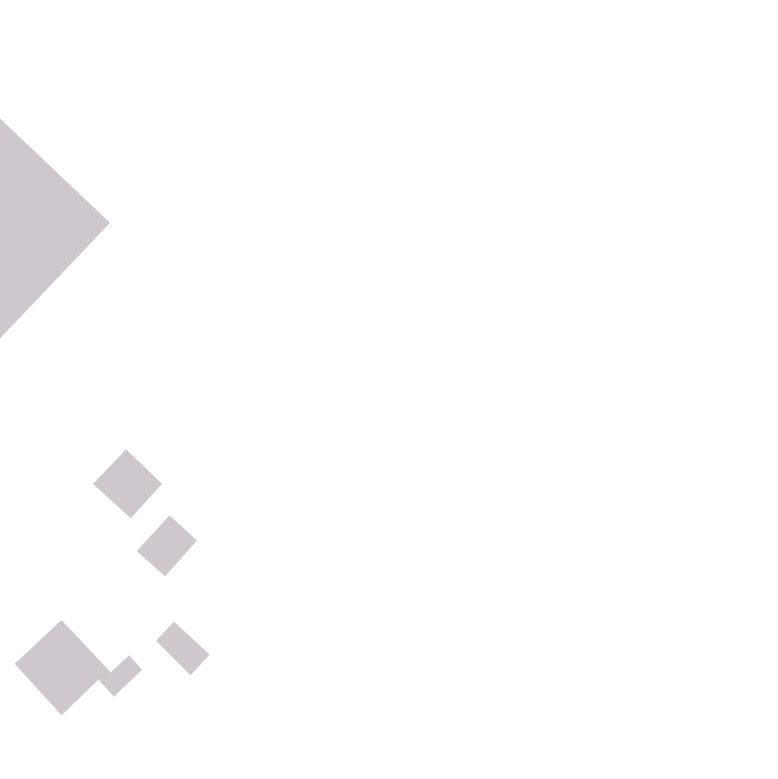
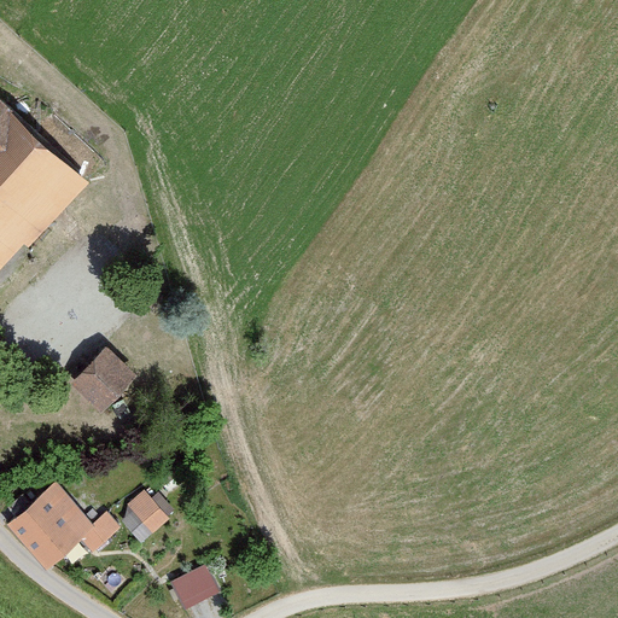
building: [136,514,198,577] -> none
building: none -> [165,561,216,606]

